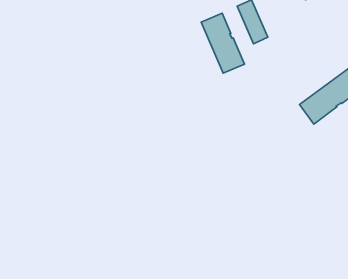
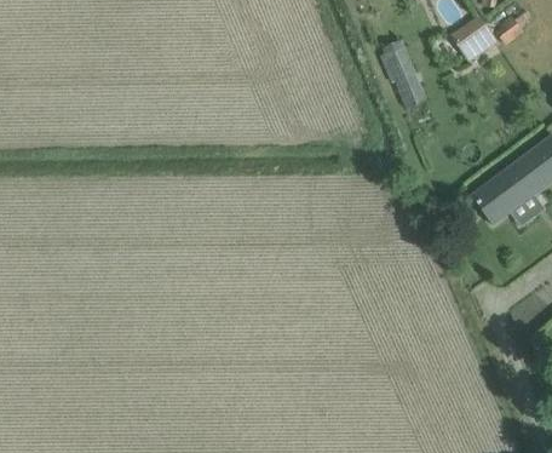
building: [201,13,244,73] -> none

